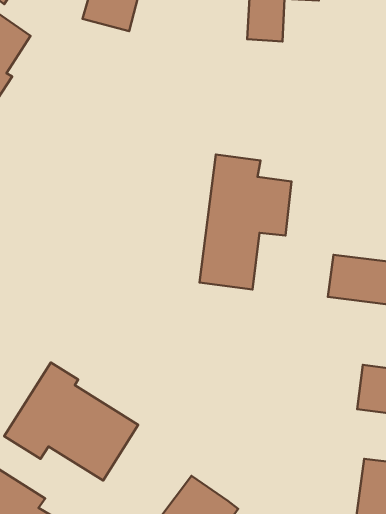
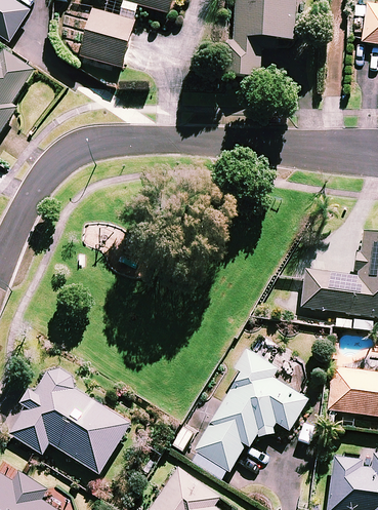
building: [199,154,292,289] -> none
building: none -> [188,349,306,477]

